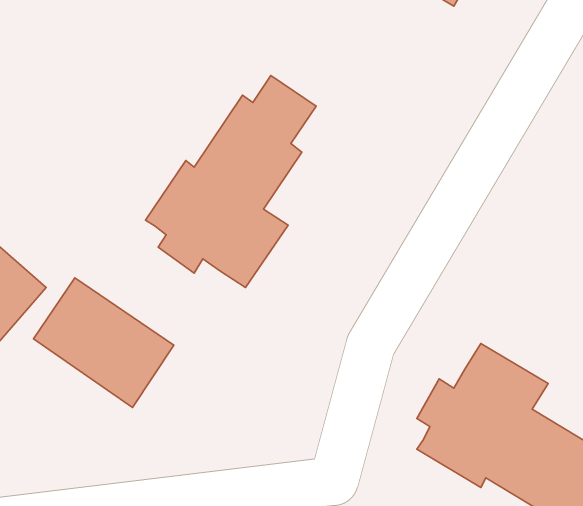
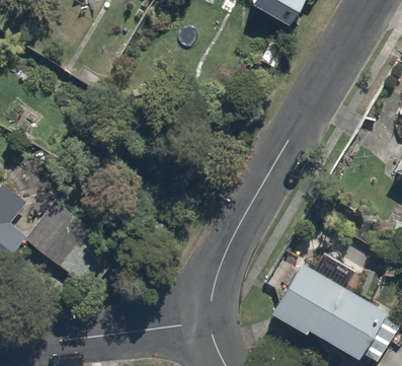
building: [146,75,316,287] -> none

